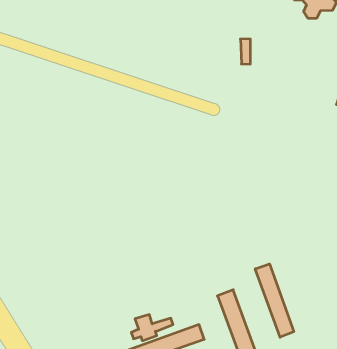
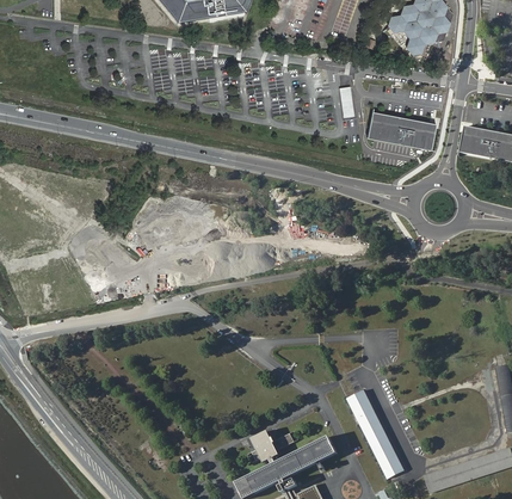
building: none -> [369,110,438,149]
building: [255,264,294,337] -> none

